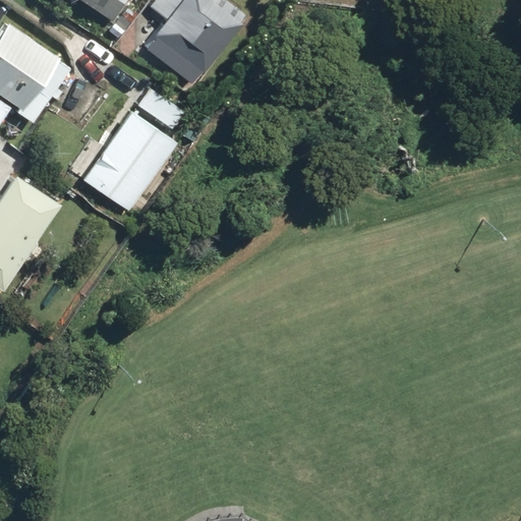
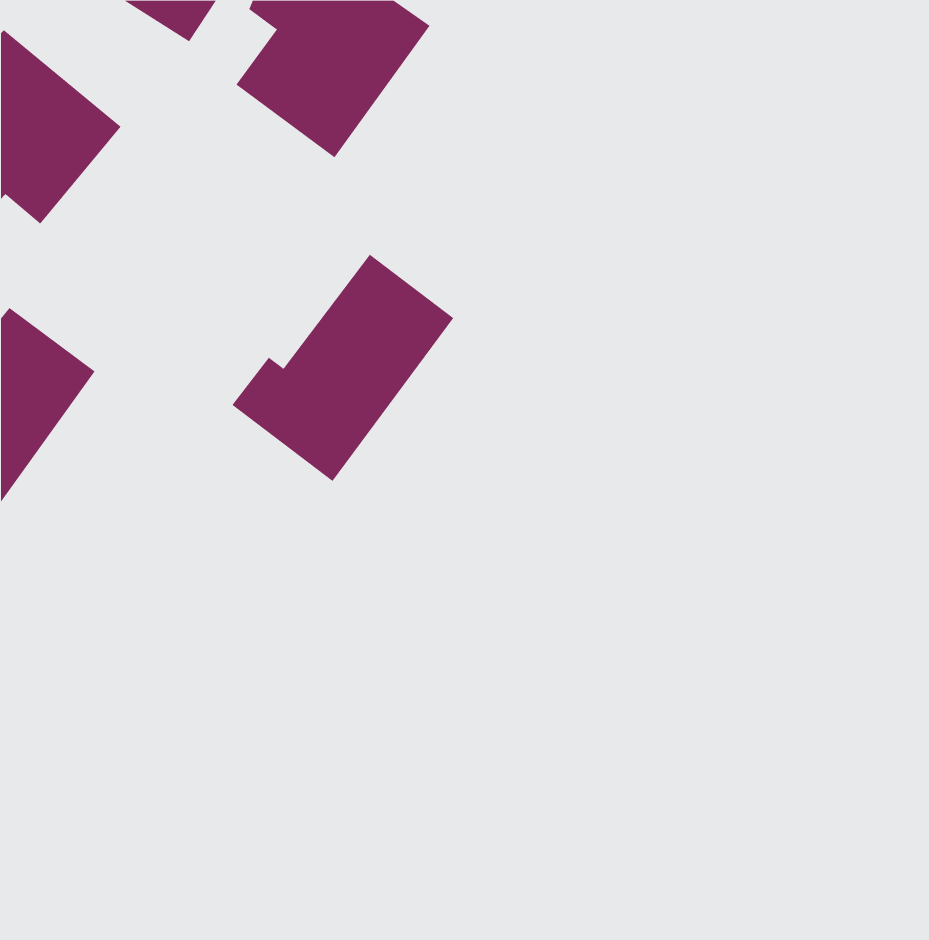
building: [70,84,193,211] -> [232,254,454,482]

